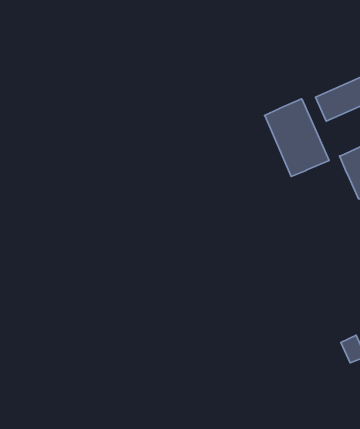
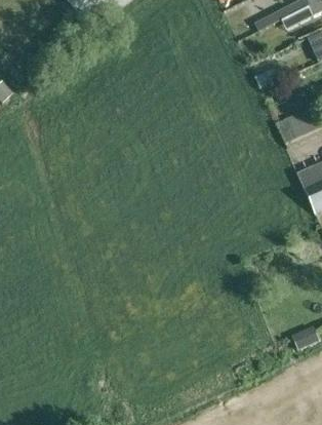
building: [265,99,329,176] -> none

